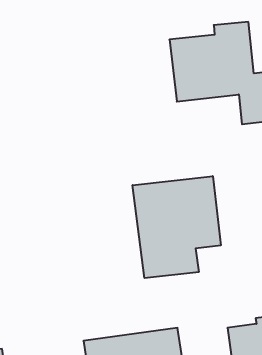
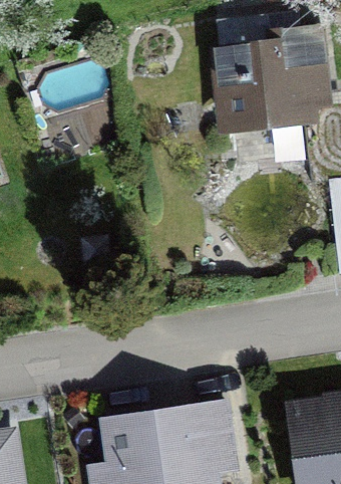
building: [133,176,221,278] -> none

